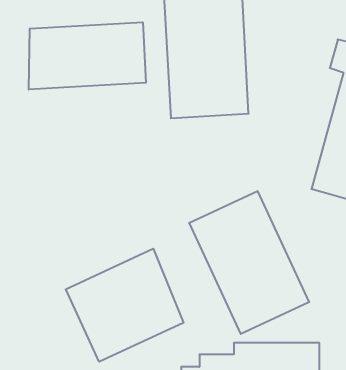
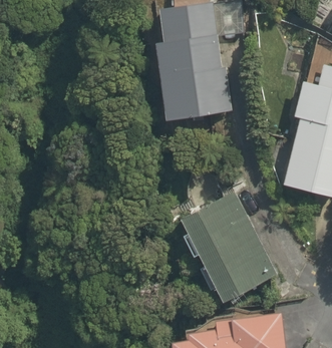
building: [29,22,146,90] -> none
building: [66,249,184,362] -> none

